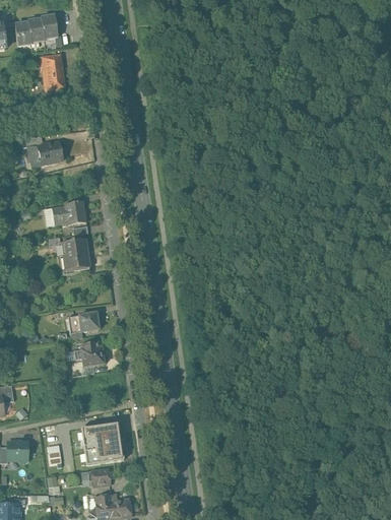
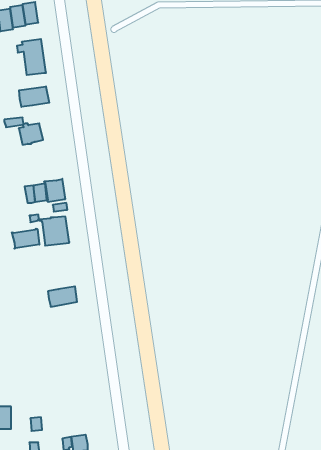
building: none -> [19,86,49,107]
building: none -> [12,229,39,249]
building: [74,342,103,367] -> none
building: [80,421,123,465] -> none

